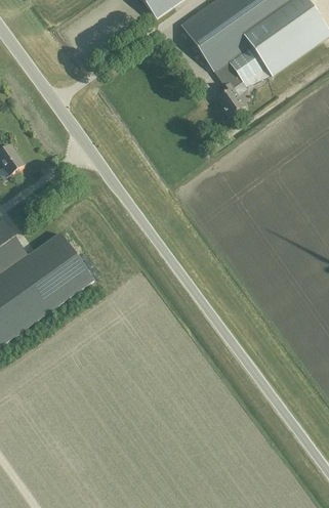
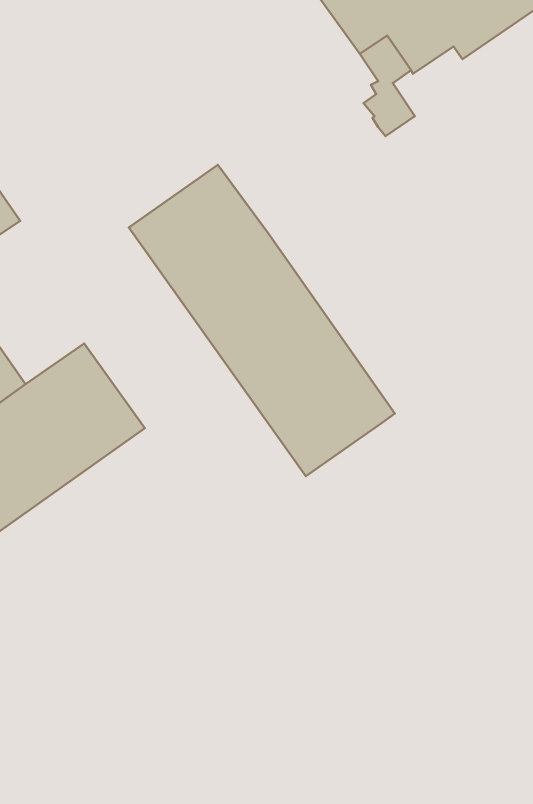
building: none -> [129,165,395,476]

